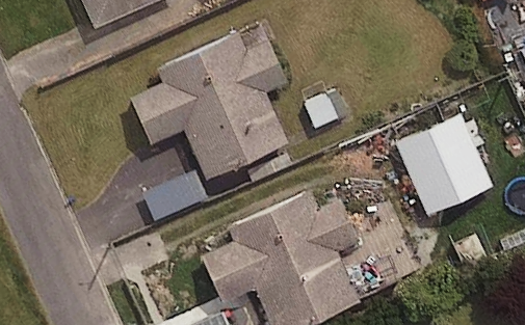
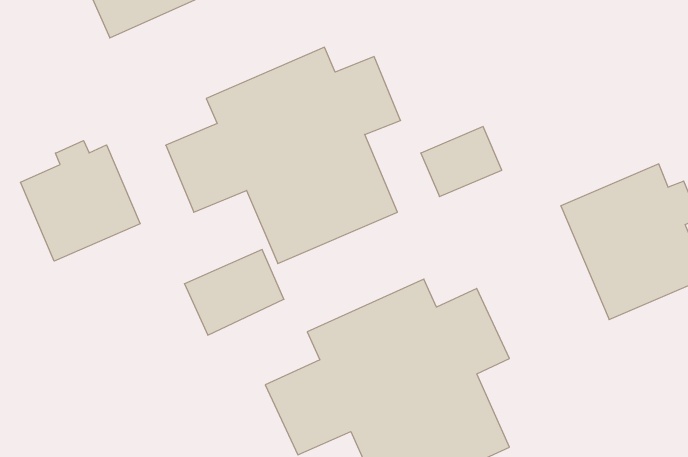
building: none -> [20,141,140,261]

